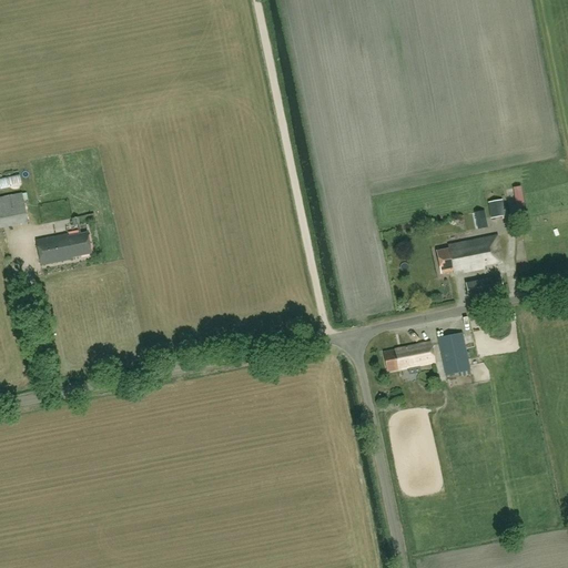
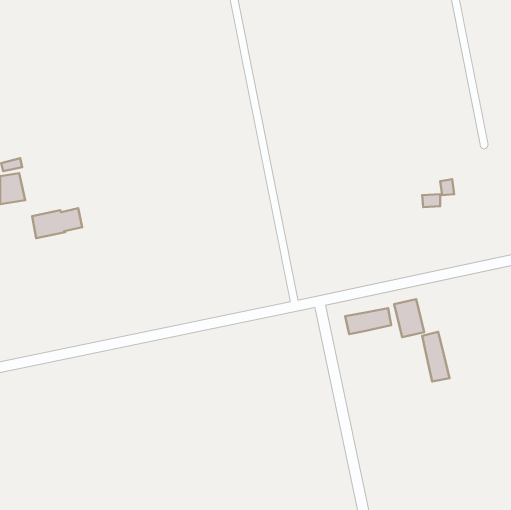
building: [436,235,503,272] -> none
building: none -> [422,332,450,382]

